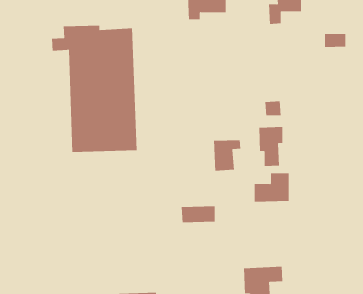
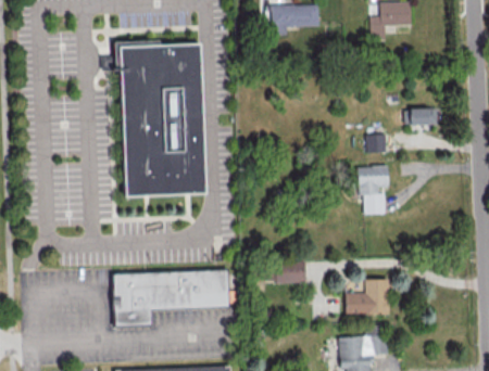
building: [324,33,346,48] -> [408,106,435,124]
building: [214,139,241,171] -> none
building: [254,173,290,202] -> [343,278,387,314]
building: none -> [114,270,229,327]

